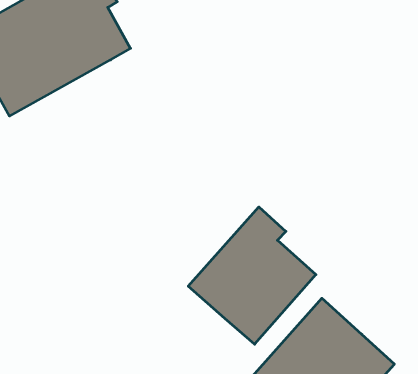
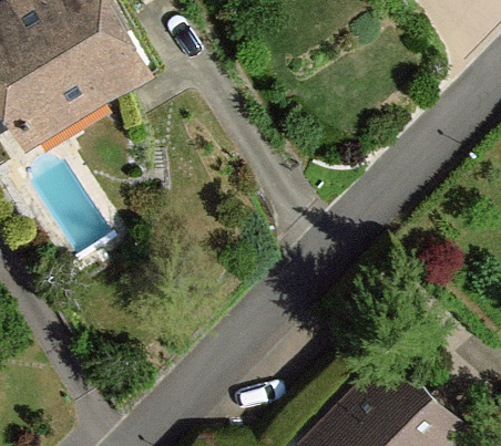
building: [188,207,316,344] -> none

